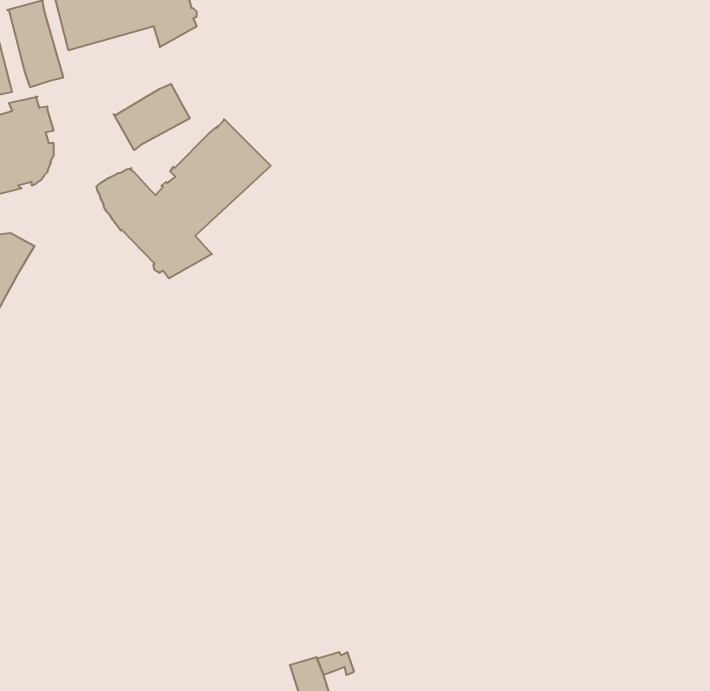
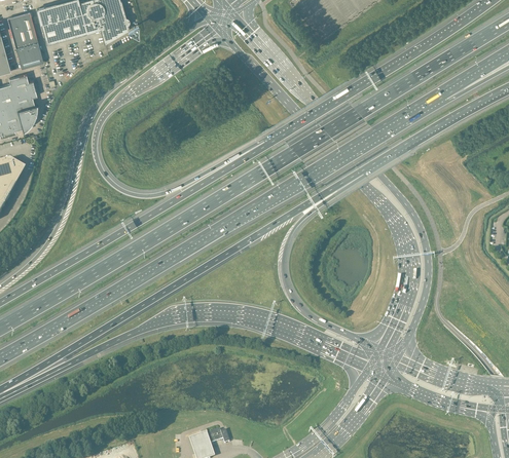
building: [114,84,190,150] -> none
building: [96,119,271,278] -> none

